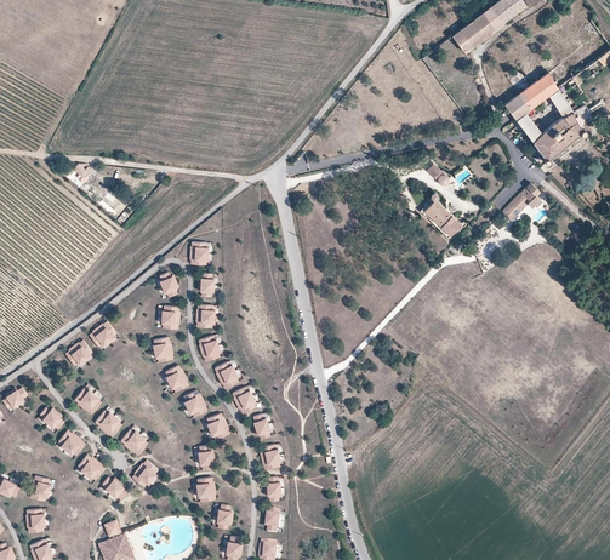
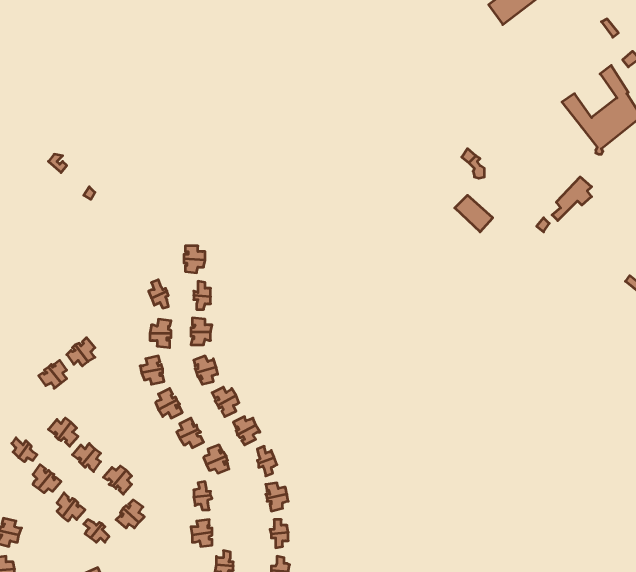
building: [504,72,558,119] -> none

